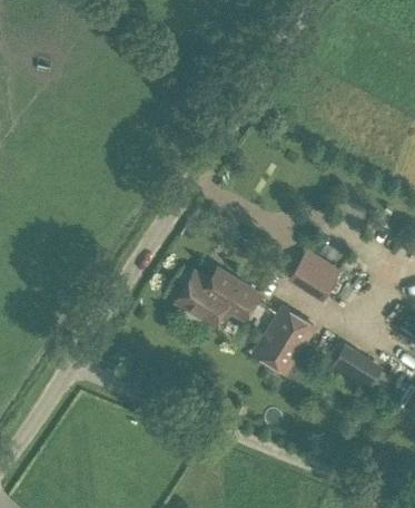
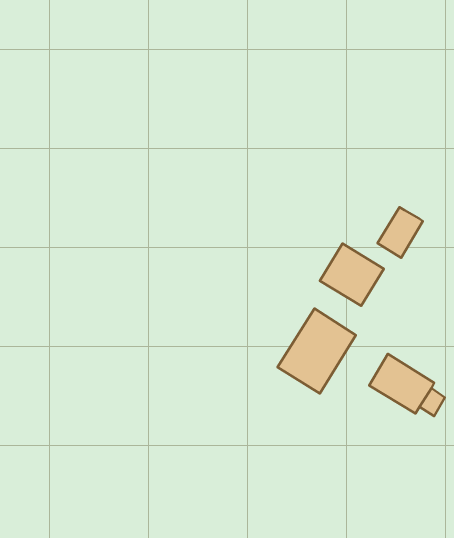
building: none -> [378,207,423,258]
building: [175,270,258,321] -> none

